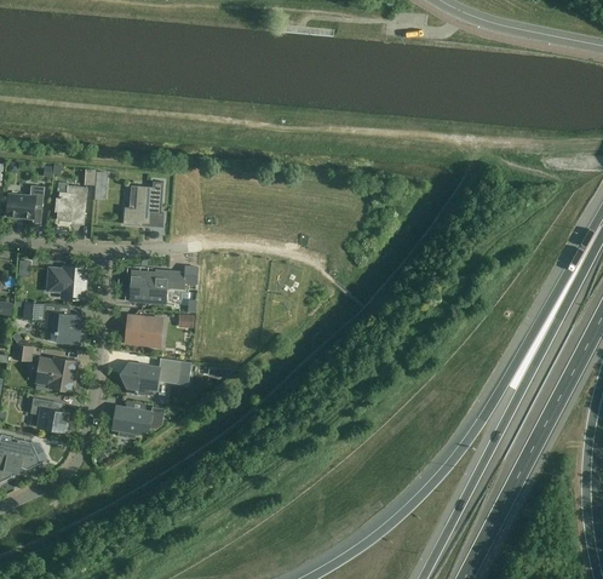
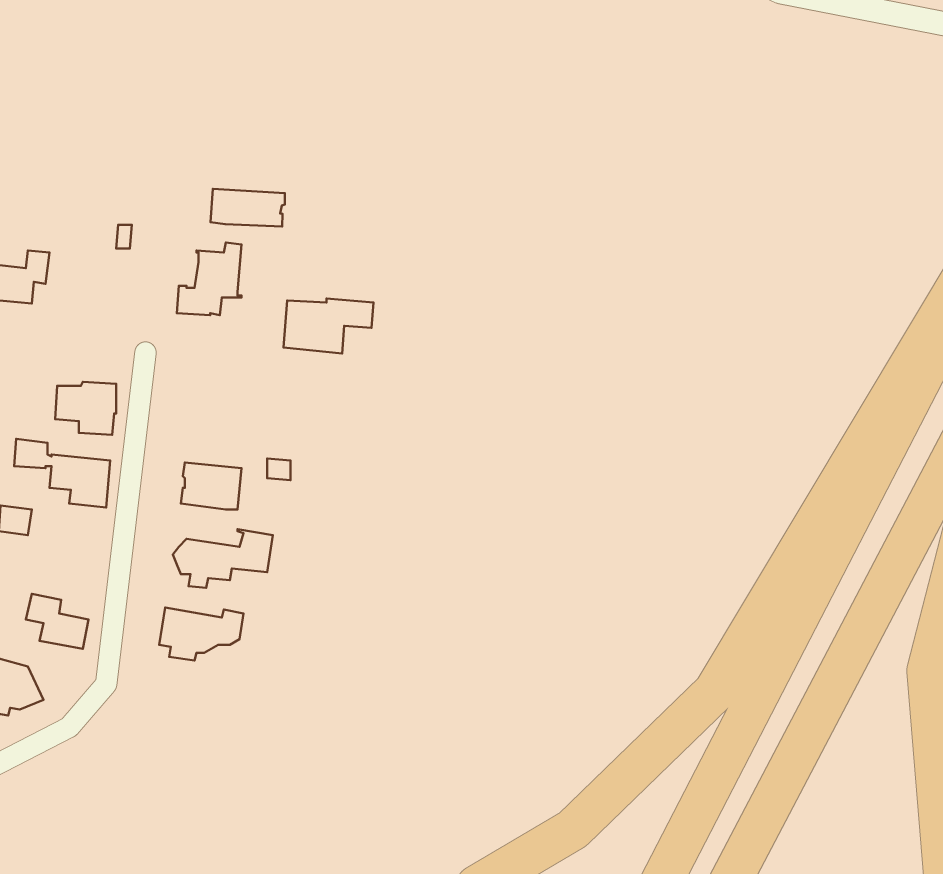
building: none -> [211,189,285,226]
building: [54,185,86,224] -> none
building: [128,270,184,304] -> [283,298,374,353]
building: [35,357,75,391] -> none

